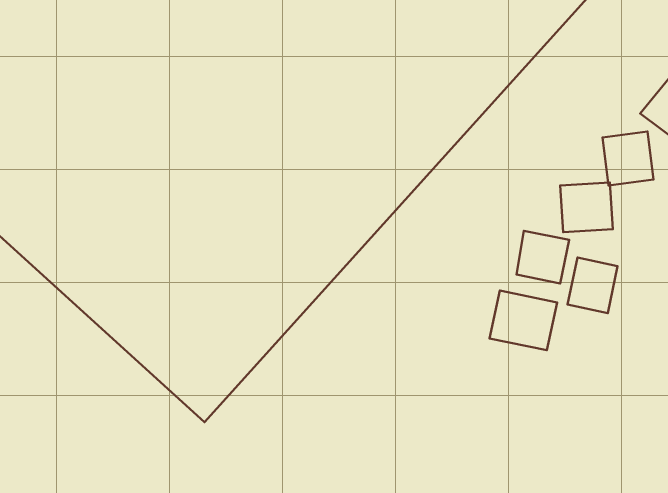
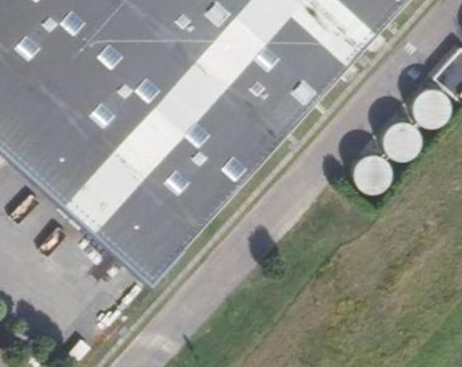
building: [568,258,617,313] -> none
building: [489,290,557,350] -> none

